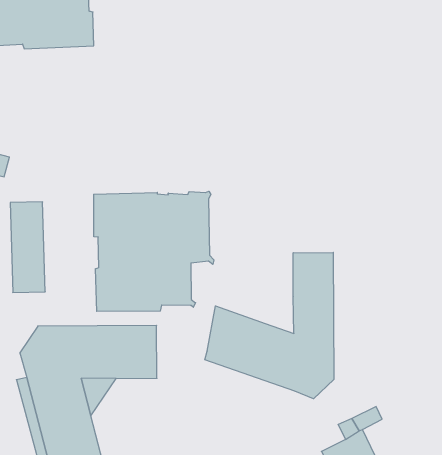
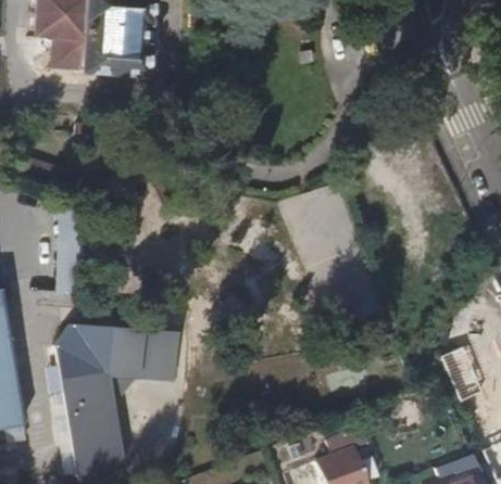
building: [94,191,214,311] -> none
building: [205,252,334,399] -> none

